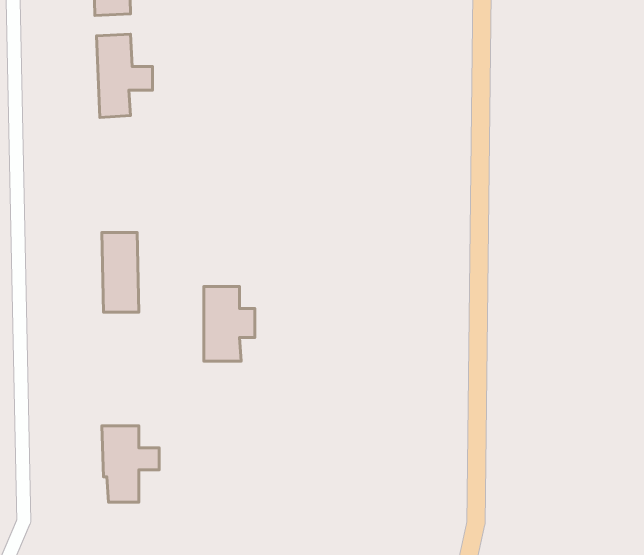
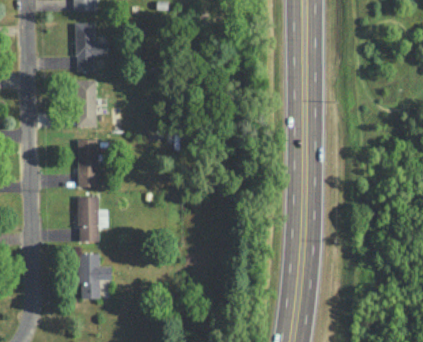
building: none -> [75,80,96,127]
building: [204,286,255,361] -> [77,197,107,241]

